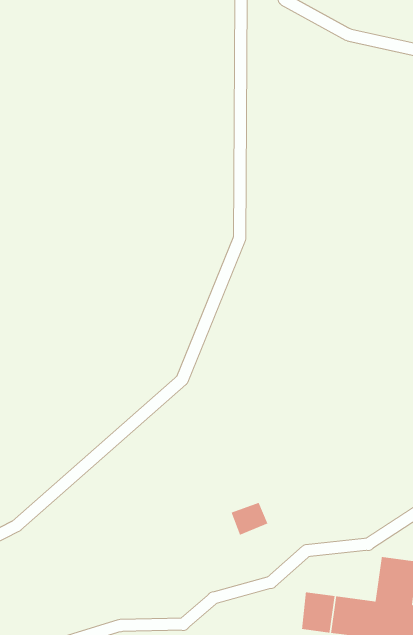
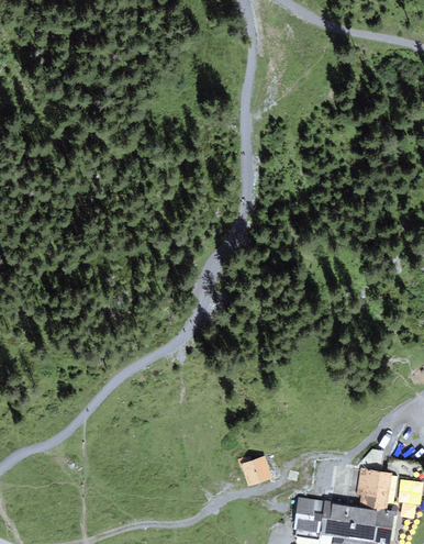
building: [230,502,268,536] -> [241,460,272,489]

